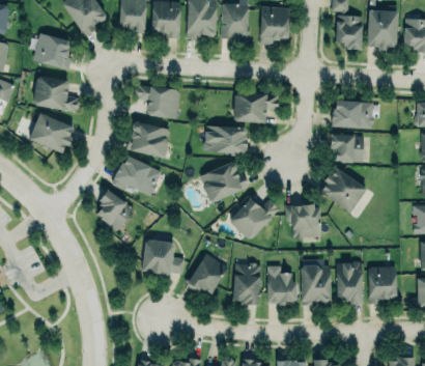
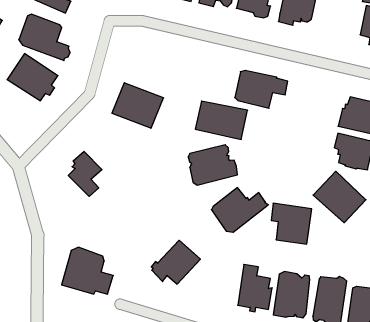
building: [134,85,180,119] -> none
building: [112,156,162,196] -> none
building: [141,237,186,277] -> [62,247,113,294]
building: [233,263,261,306] -> none

